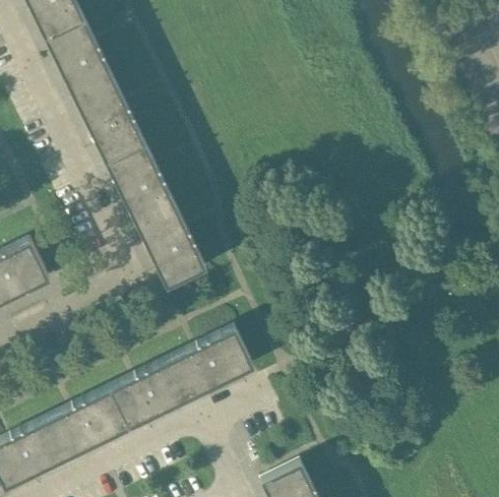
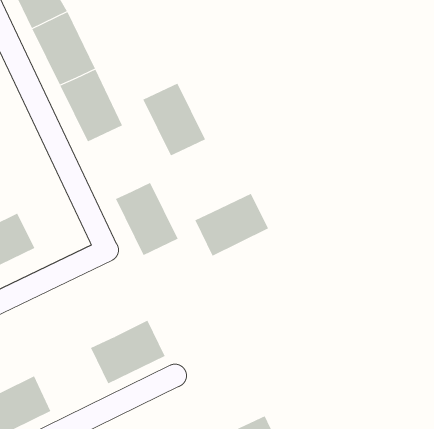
building: [107,145,176,226] -> [142,83,206,156]
building: [173,328,254,397] -> [195,193,269,256]
building: [49,388,129,457] -> none

